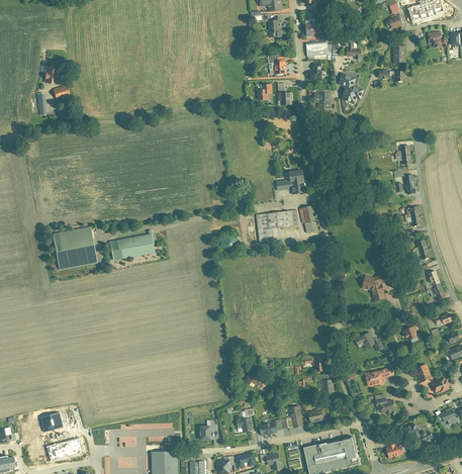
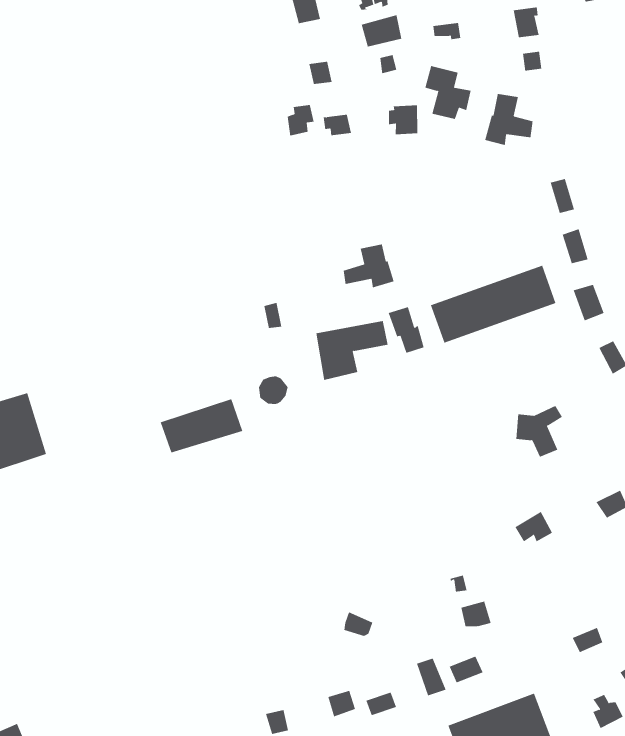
building: none -> [485,93,533,146]
building: none -> [430,265,556,344]
building: [109,233,156,260] -> [160,399,243,453]
building: [363,367,394,387] -> none

